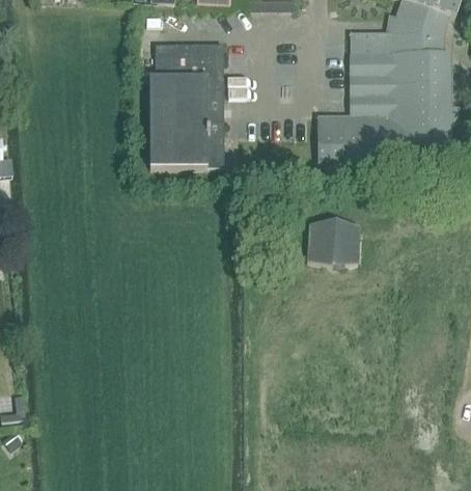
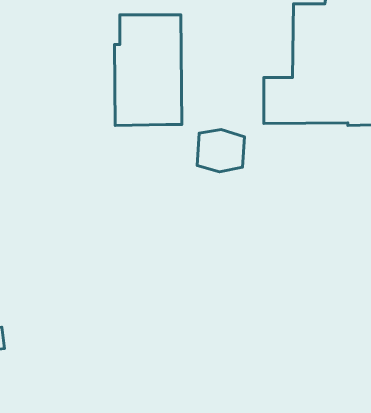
building: [308,217,361,265] -> [197,129,244,172]

